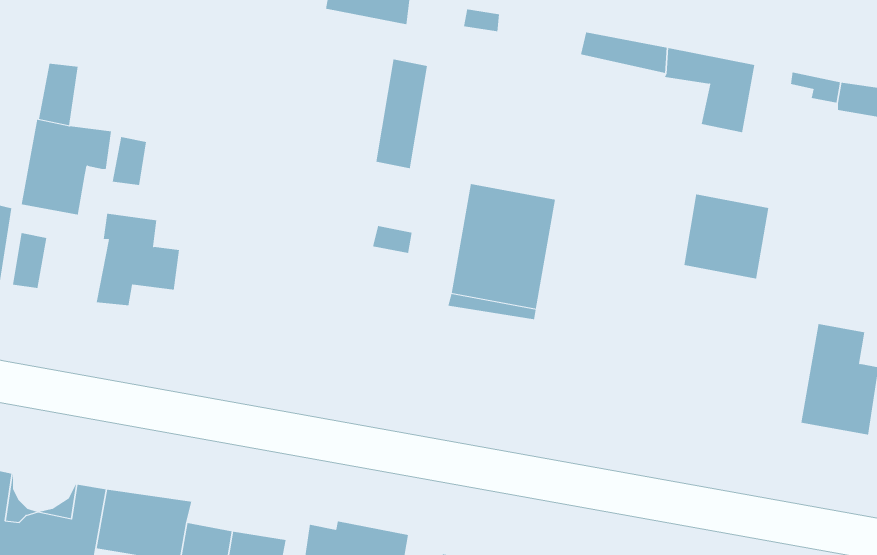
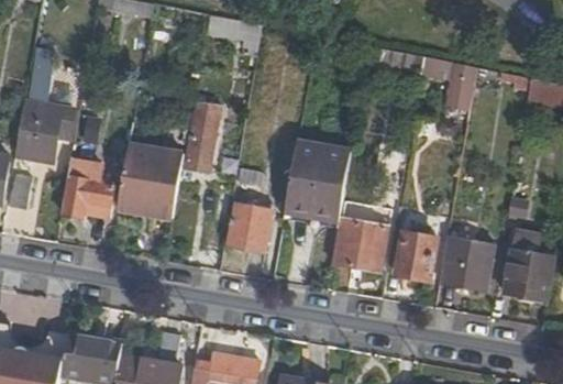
building: [375,59,428,169] -> [186,102,219,172]
building: [683,194,769,279] -> [440,237,494,290]
building: none -> [119,151,181,218]
building: none -> [228,201,277,253]
building: none -> [334,219,387,271]
building: none -> [397,233,437,281]

